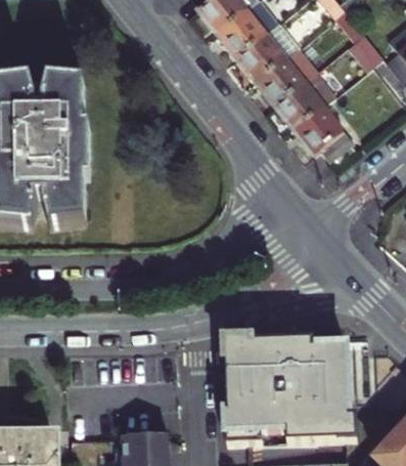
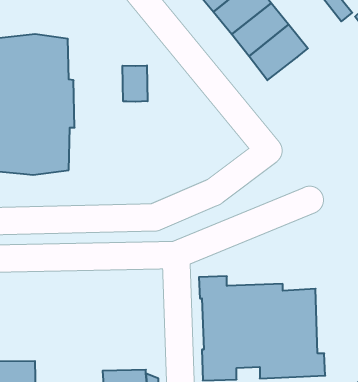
building: [295,103,356,160] -> none
building: none -> [123,65,148,102]

